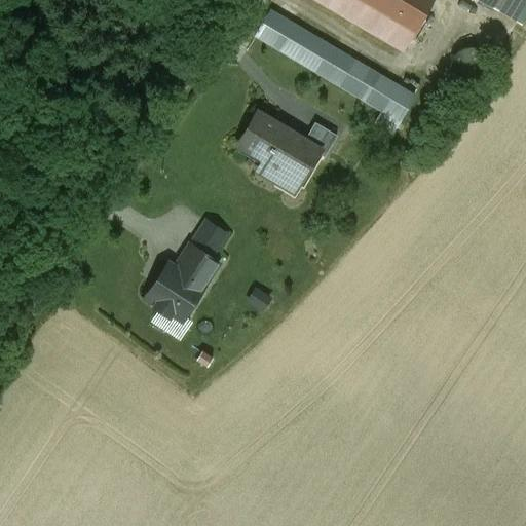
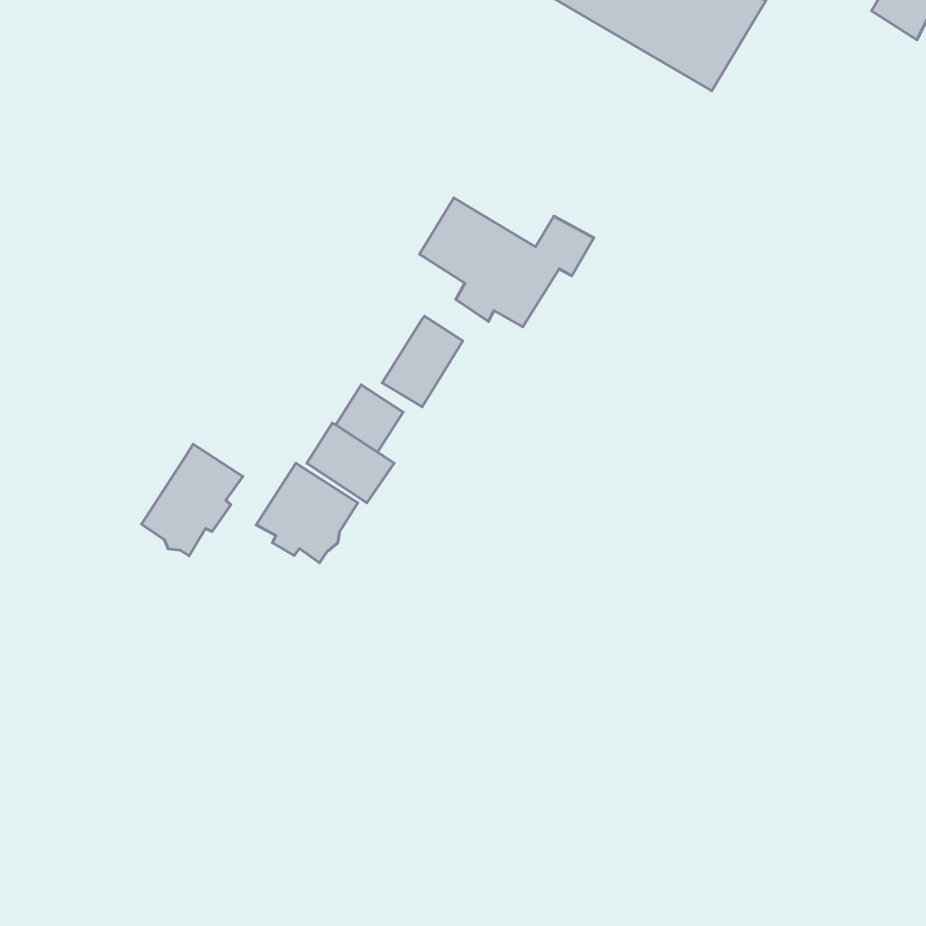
building: [255,10,415,122] -> none
building: none -> [382,316,463,407]
building: none -> [142,444,243,556]

